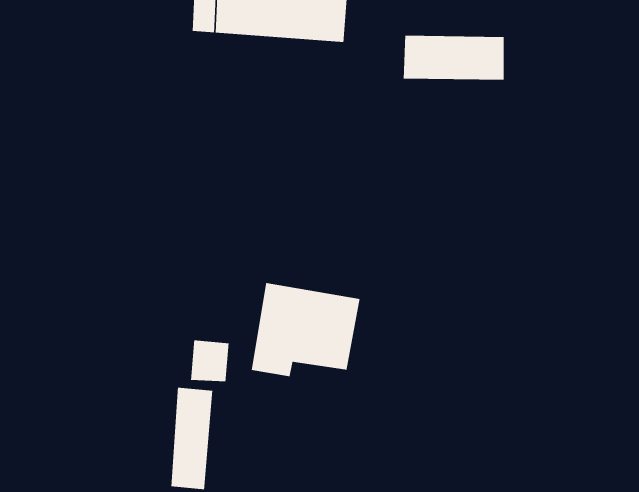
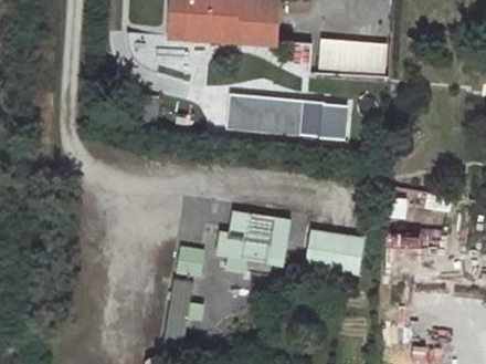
building: none -> [225,93,349,139]
building: none -> [302,226,363,273]

